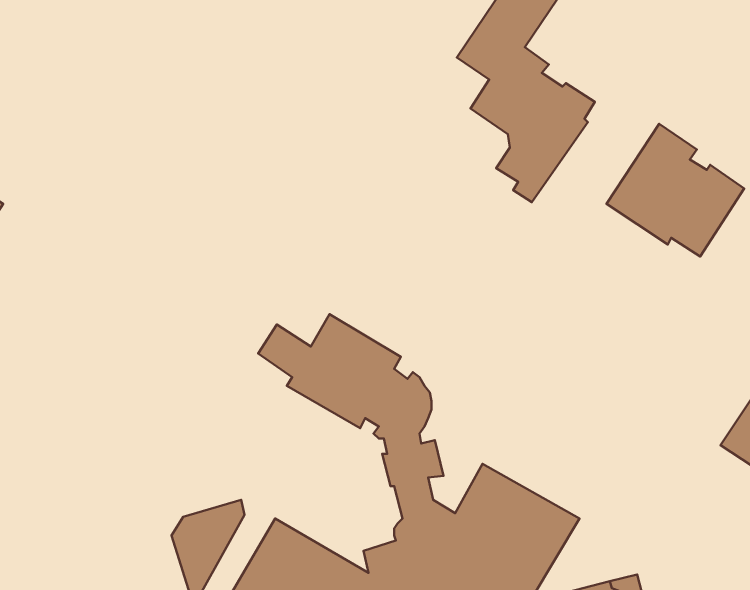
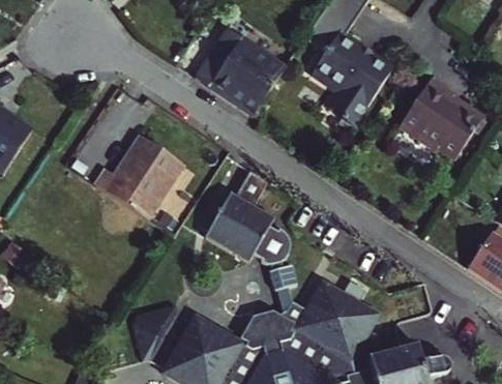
building: none -> [196,28,287,116]
building: none -> [94,137,182,220]

